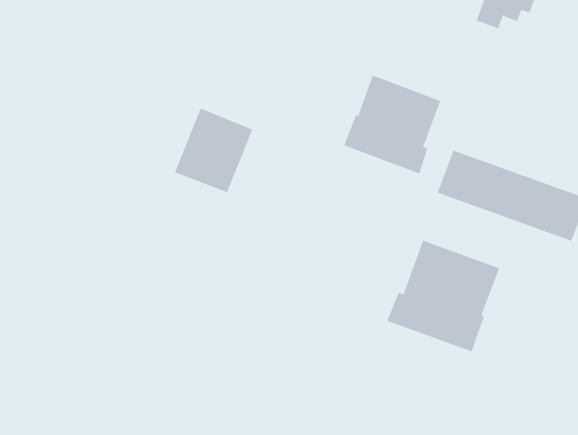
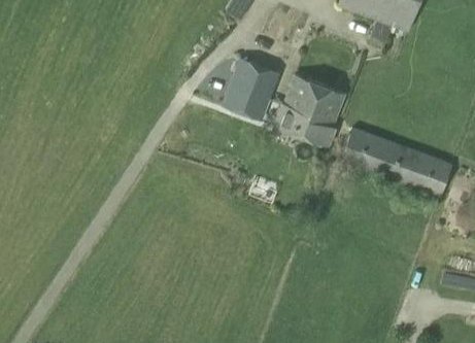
building: [174,108,253,193] -> [223,58,279,118]
building: [386,240,500,352] -> none

